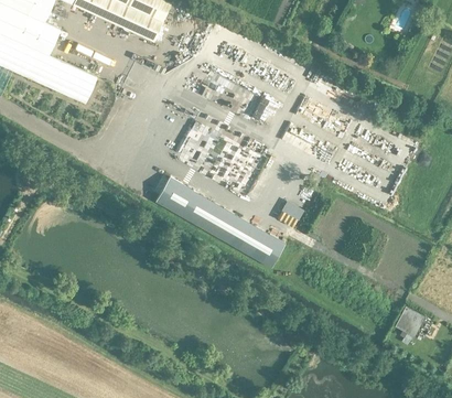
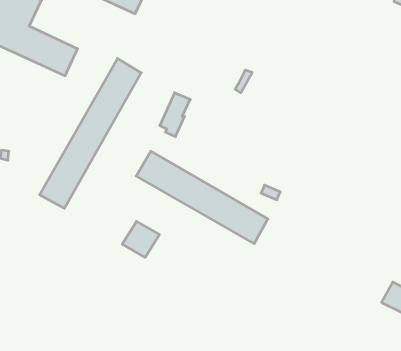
building: none -> [40,58,141,208]
building: none -> [122,221,159,257]

